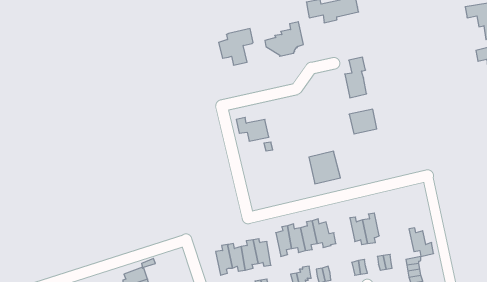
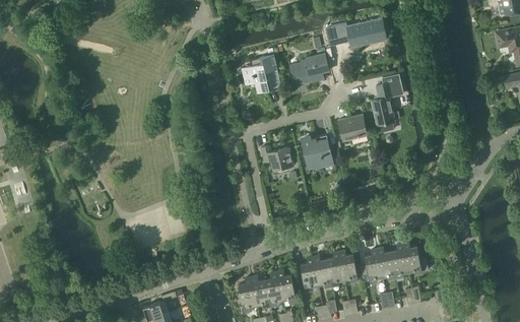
building: [349,109,377,134] -> [338,115,367,140]
building: [309,151,340,184] -> [301,134,333,168]
building: none -> [361,249,382,280]
building: [409,228,434,256] -> [402,243,428,272]

